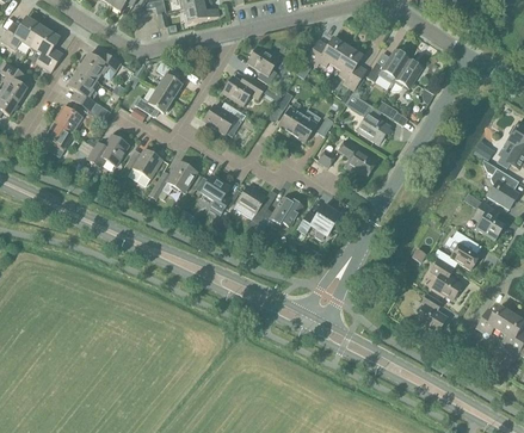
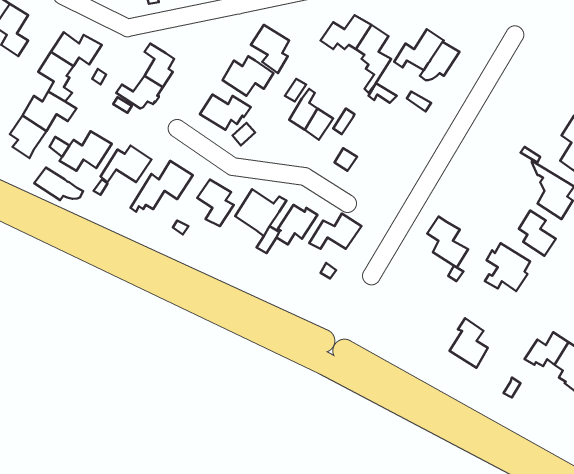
building: [358,112,392,144] -> none
building: [338,137,378,175] -> none
building: none -> [34,167,83,200]
building: [427,256,462,299] -> [427,217,468,268]

